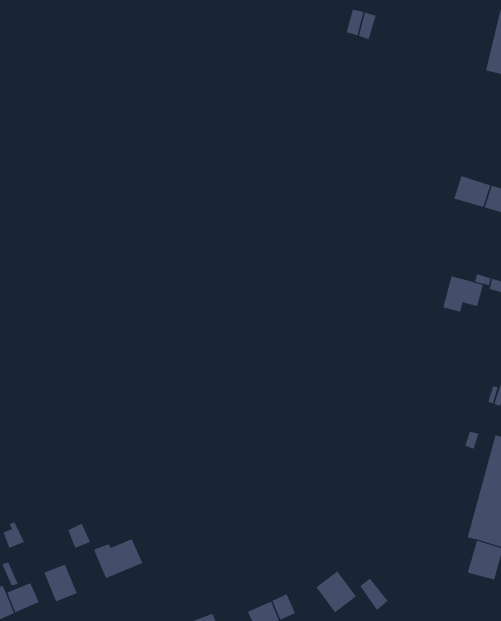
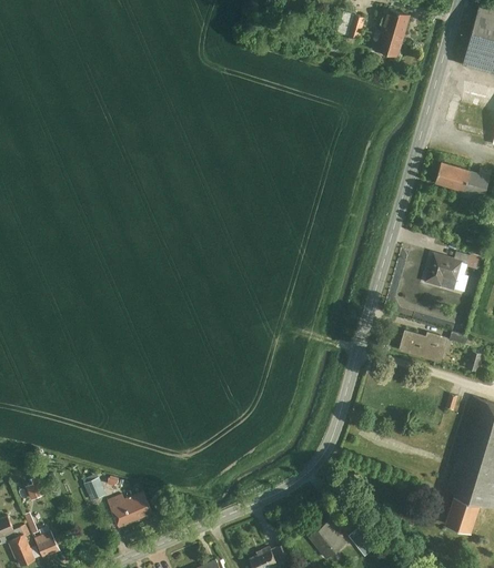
building: none -> [373,8,409,57]
building: none -> [399,329,448,363]
building: [44,564,77,602] -> none

